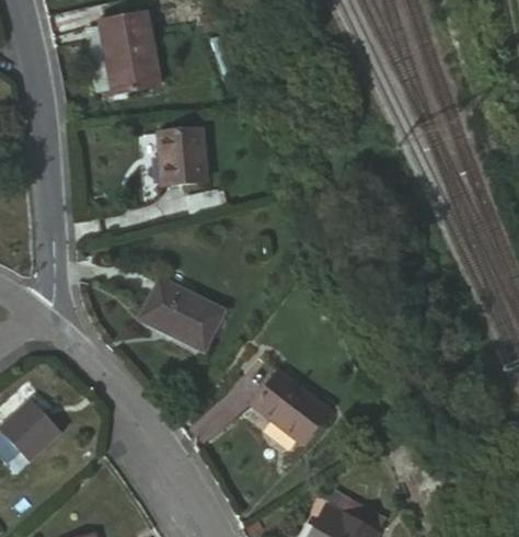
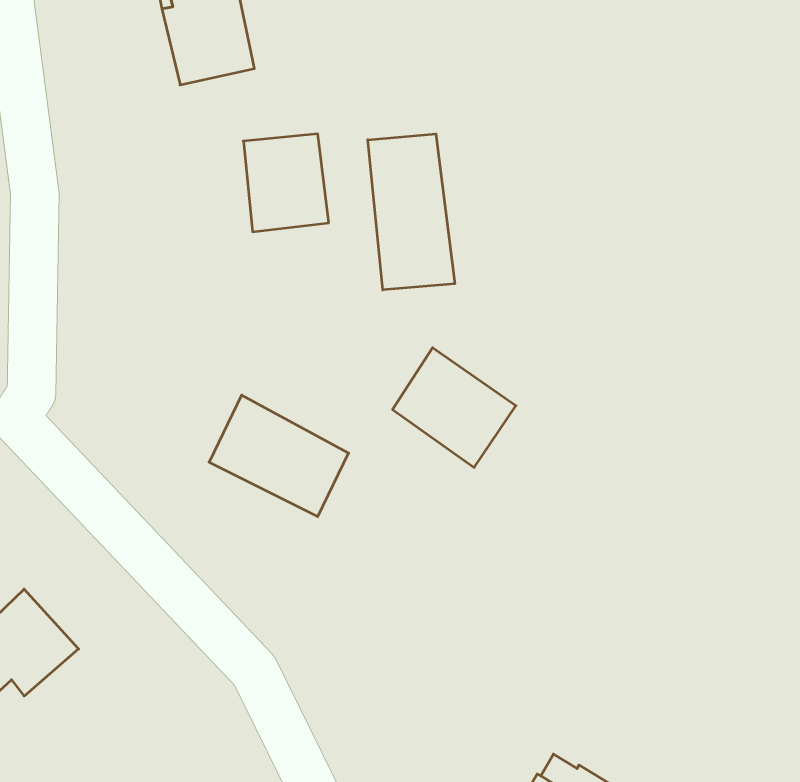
building: none -> [368,134,455,290]
building: [253,372,327,444] -> [393,348,516,467]

